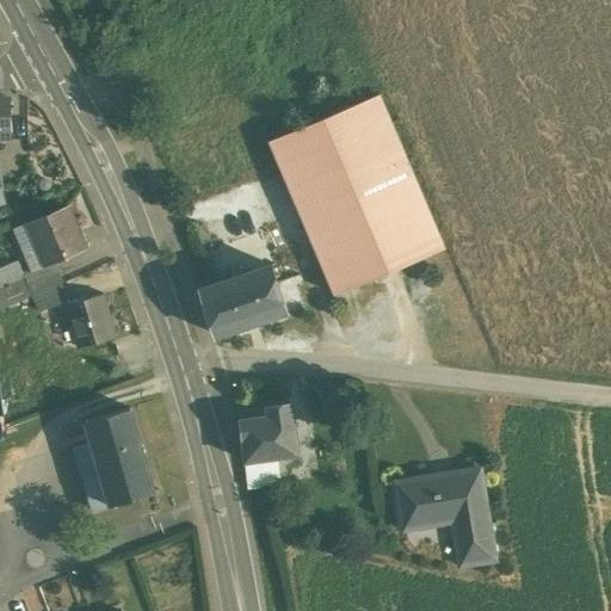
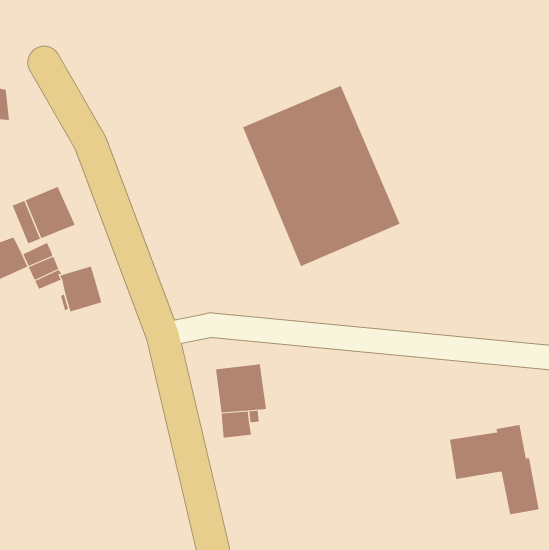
building: [199,267,285,335] -> none
building: [72,408,154,511] -> none
building: [399,467,499,567] -> [449,425,540,515]

